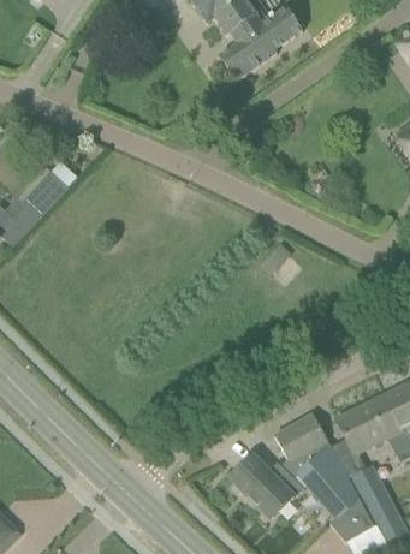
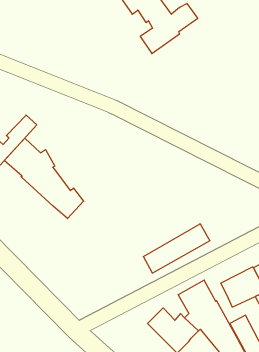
building: none -> [4,138,84,219]
building: none -> [143,224,210,273]

